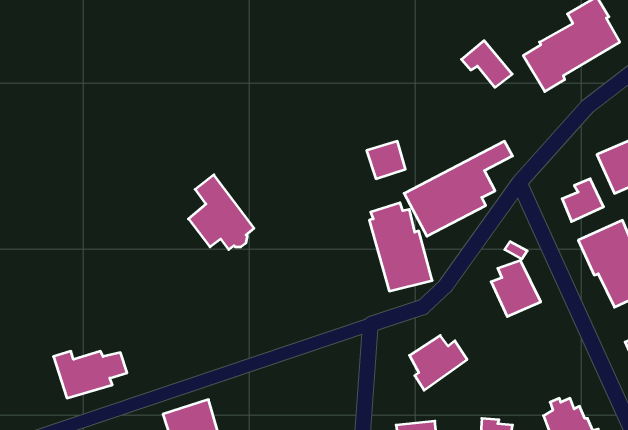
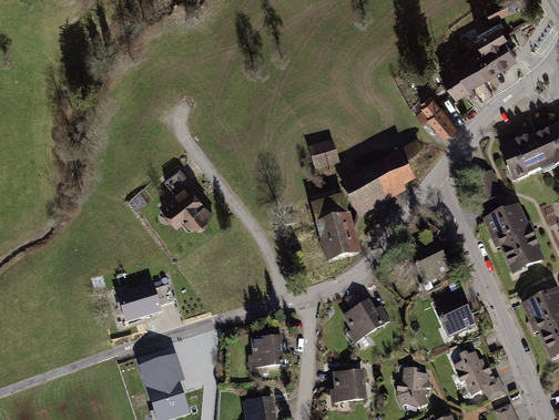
building: [461,41,512,87] -> [415,95,457,134]
building: none -> [435,288,476,337]
building: [53,351,127,398] -> [114,281,175,320]
building: none -> [248,334,286,367]

